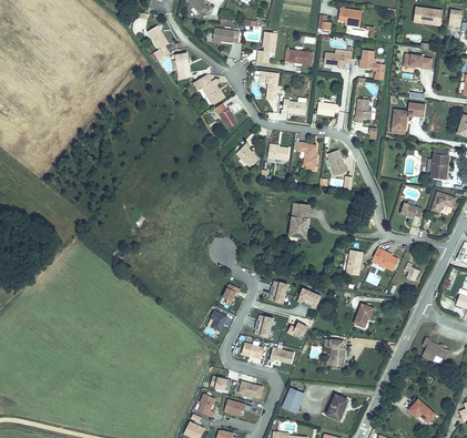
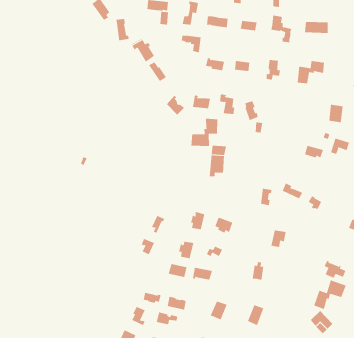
building: none -> [191,118,218,147]
building: none -> [314,280,346,310]

